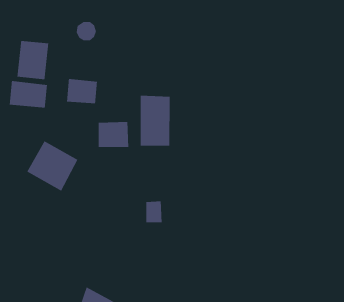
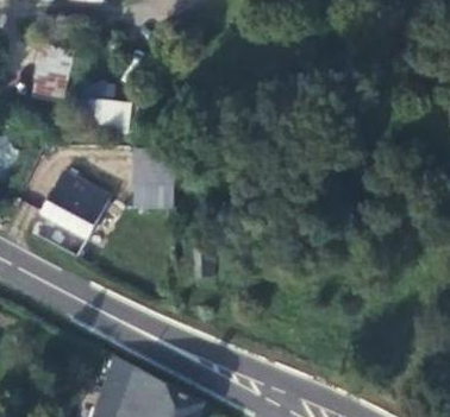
building: [9,80,48,109] -> none
building: [140,95,171,146] -> none

